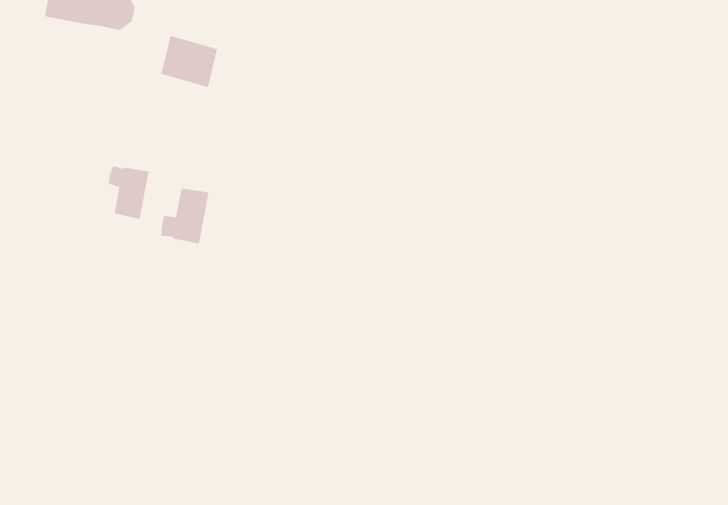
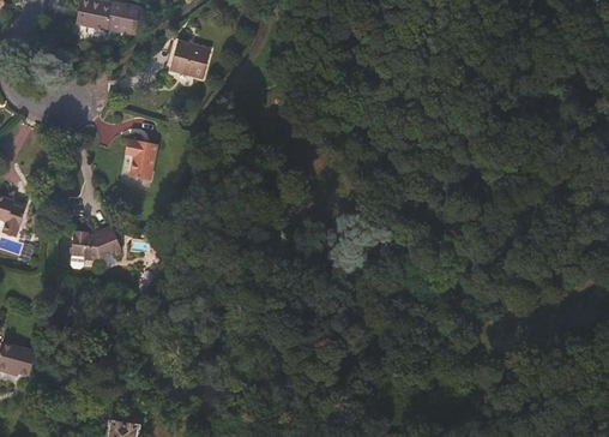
building: [161,188,209,245] -> none
building: none -> [71,226,121,269]

